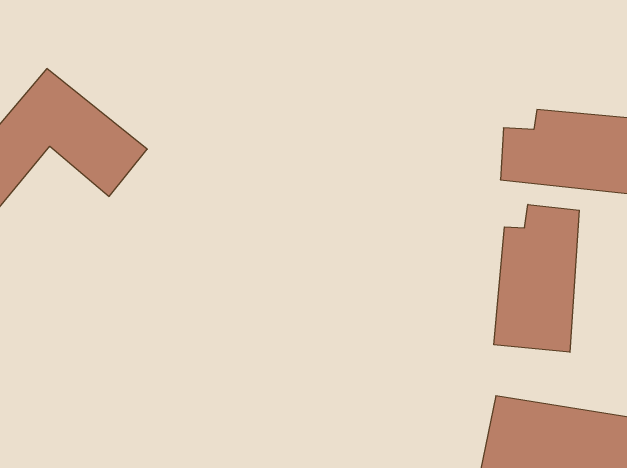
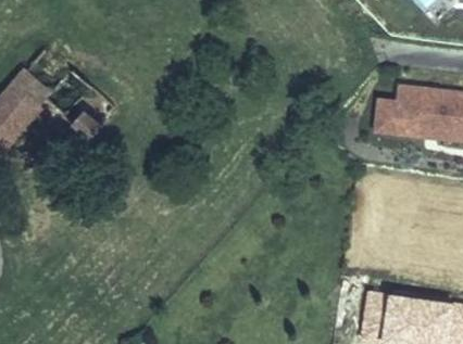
building: [494,204,579,352] -> none

